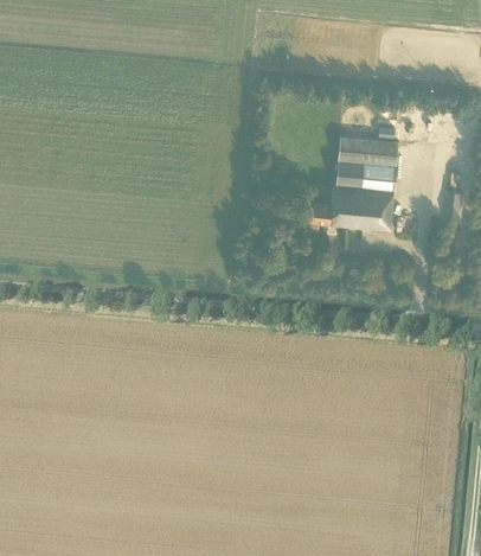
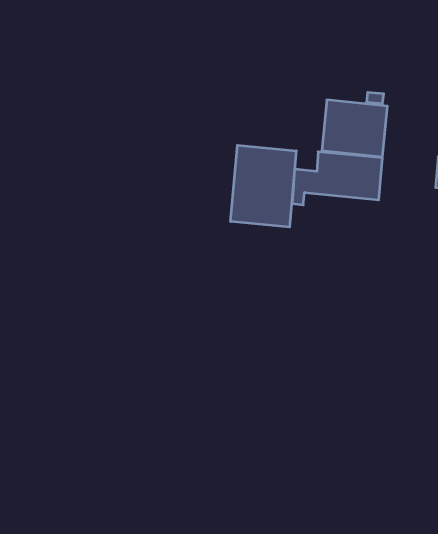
building: none -> [231,145,296,227]

